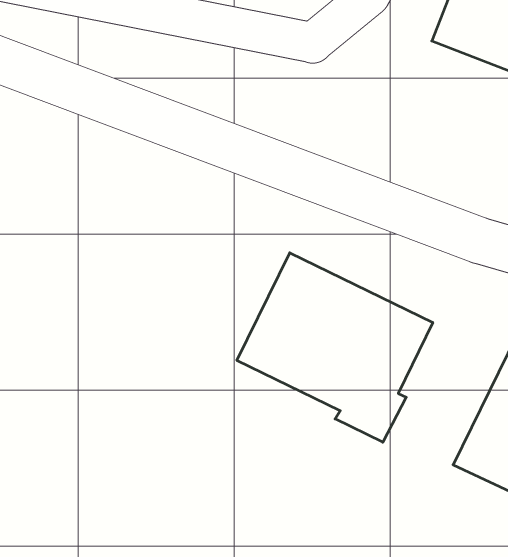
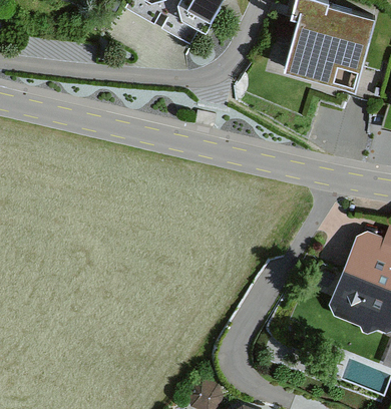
building: [237,253,433,442] -> none

